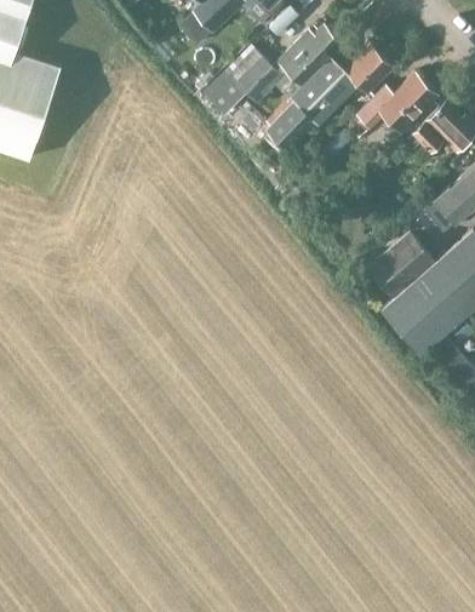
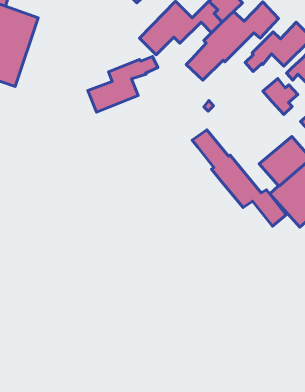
building: none -> [88,56,158,112]
building: none -> [263,79,298,115]
building: none -> [192,130,286,226]

